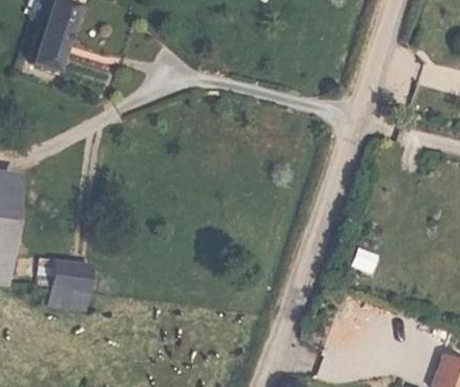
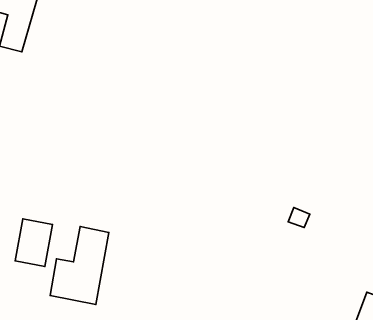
building: none -> [50,226,109,305]

